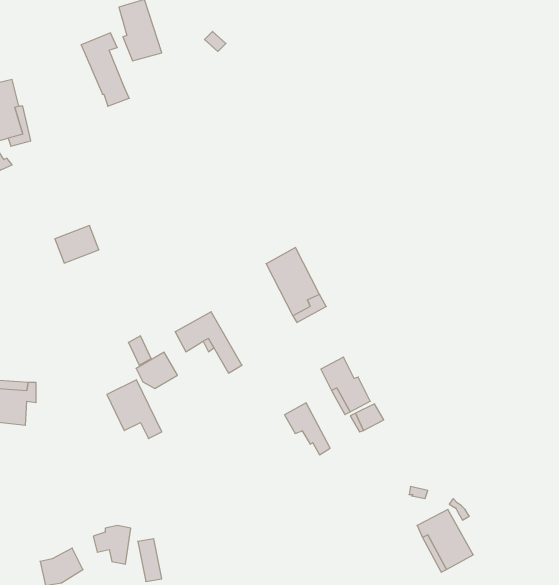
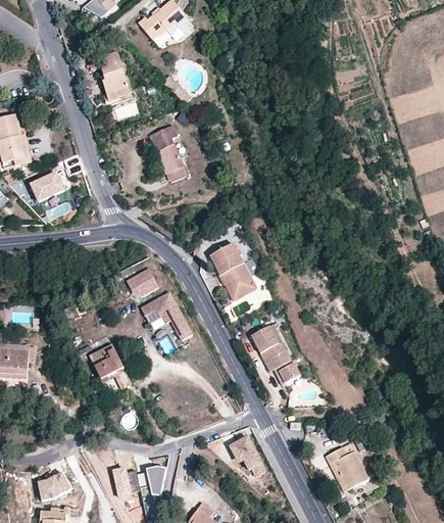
building: [81,33,129,106] -> [150,125,187,181]
building: [55,226,99,263] -> [30,173,63,201]
building: [136,352,177,388] -> [126,268,157,295]
building: [285,403,330,455] -> [229,435,263,475]
building: [93,526,131,564] -> [138,465,166,494]

